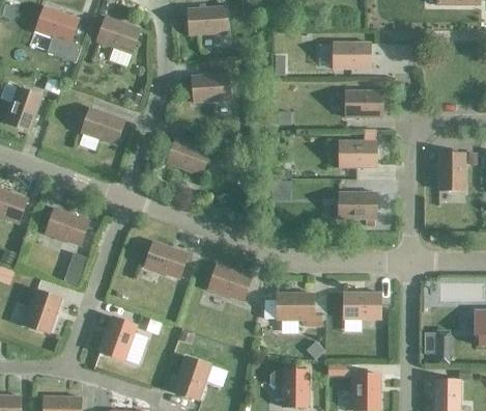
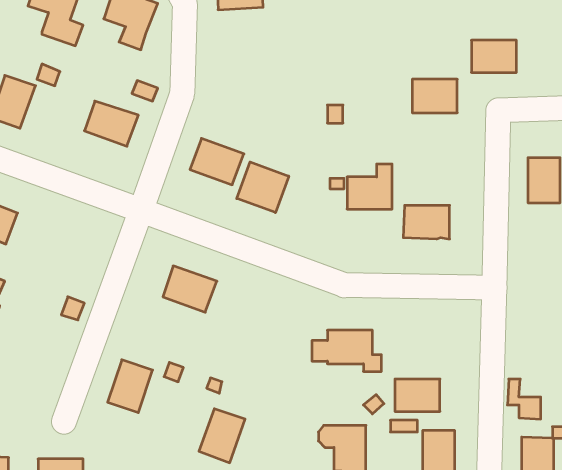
building: [333,42,369,67] -> [471,40,516,72]
building: [192,73,229,101] -> none
building: [339,130,375,166] -> [347,164,392,209]
building: none -> [237,162,289,213]
building: [45,207,88,244] -> none
building: [207,263,251,300] -> none
building: [24,289,61,332] -> none
building: [343,292,379,318] -> [395,379,440,411]

